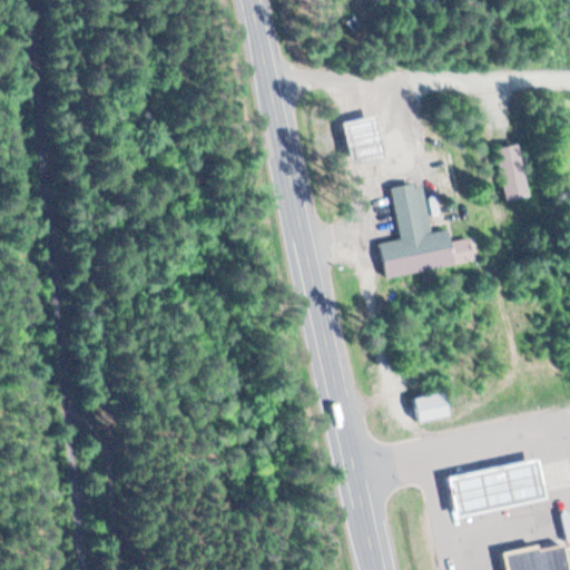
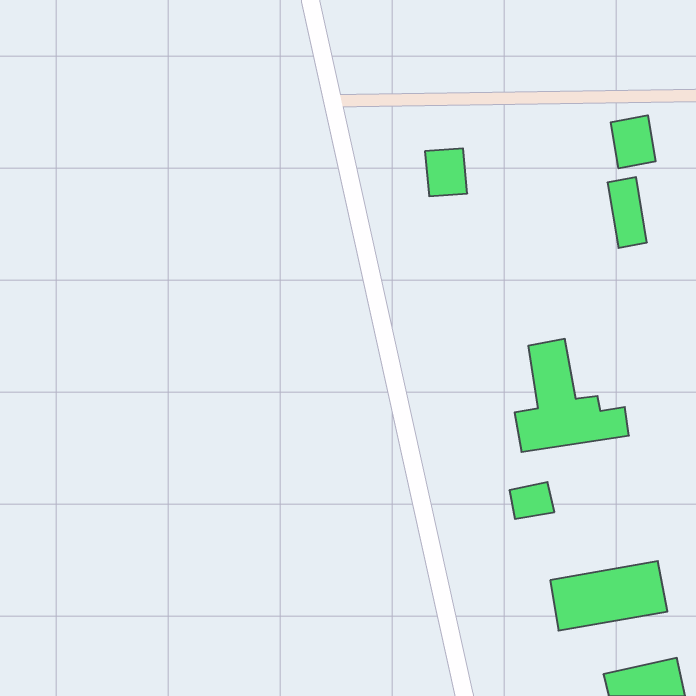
building: none -> [611,115,656,168]
building: [381,184,474,276] -> [515,339,629,452]

